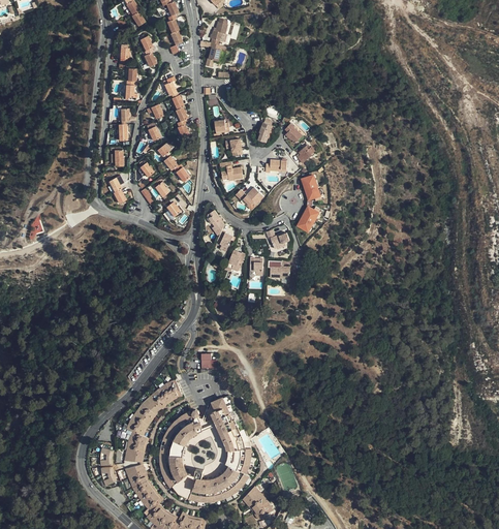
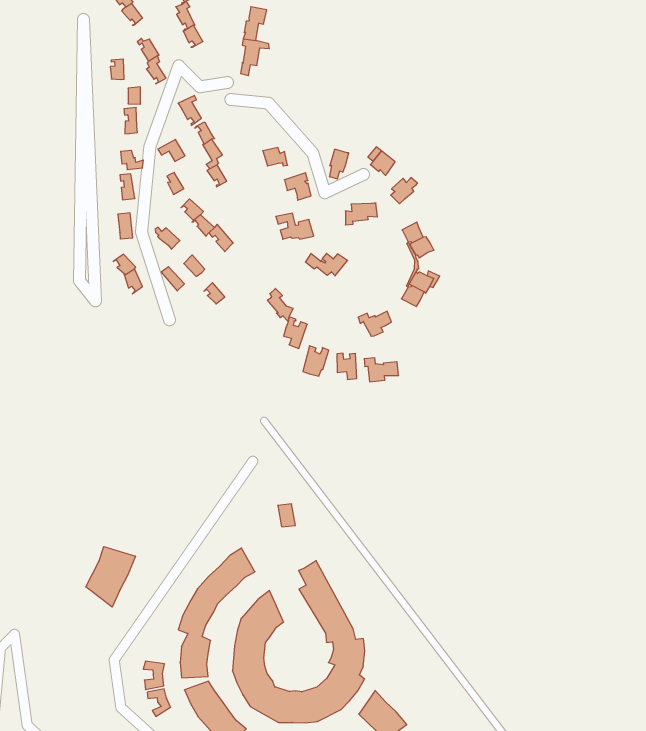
building: none -> [86,547,135,607]

